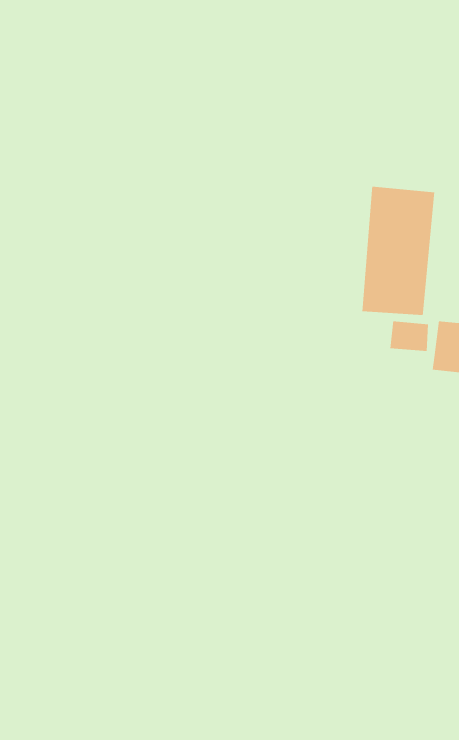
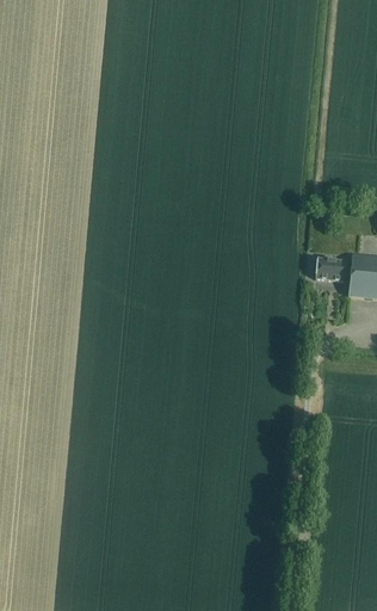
building: [362,186,435,316] -> none

